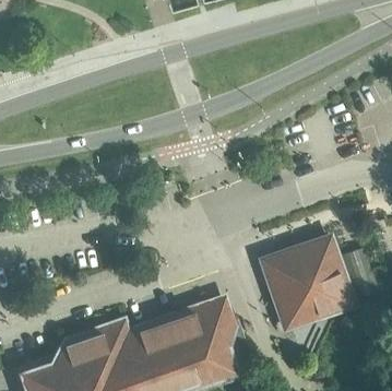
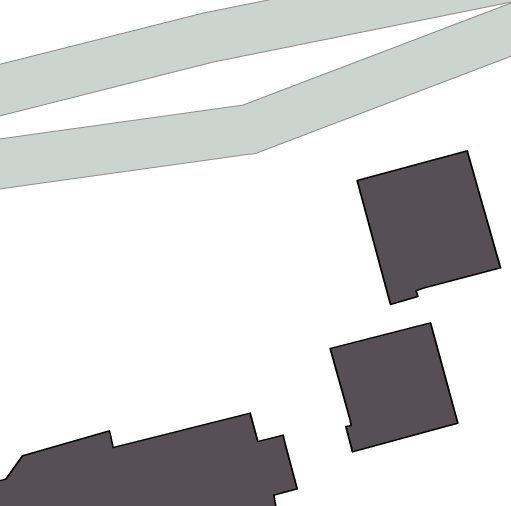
building: none -> [357,151,501,304]

